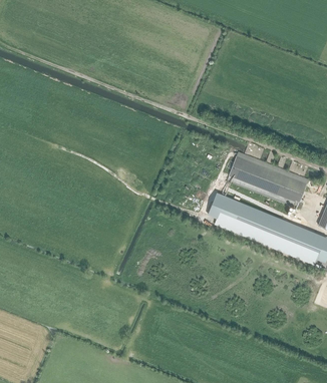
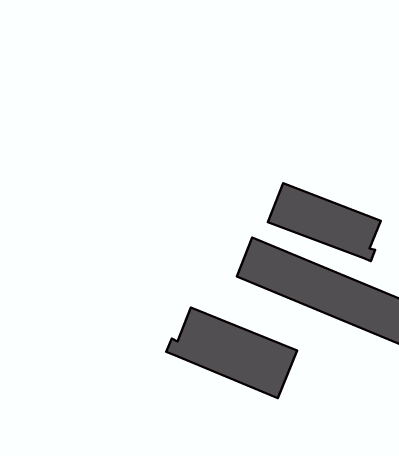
building: none -> [166,307,297,398]

